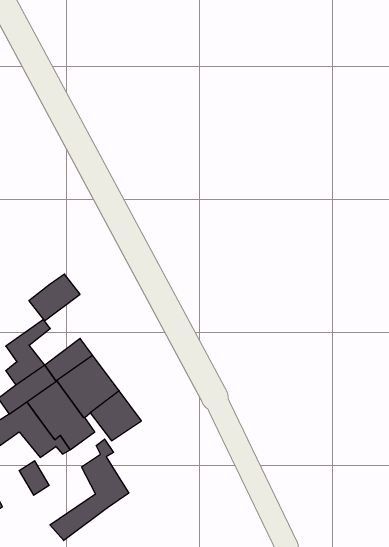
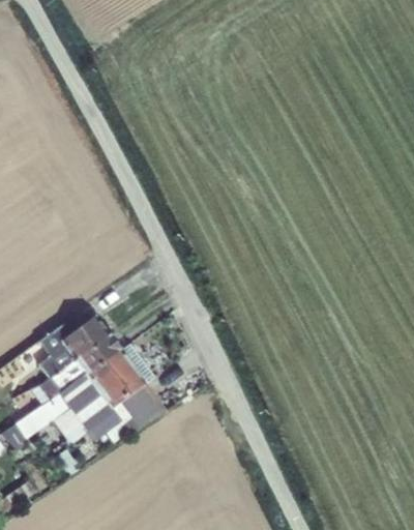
building: [29,274,80,321] -> [60,316,108,359]
building: [50,439,129,541] -> none

